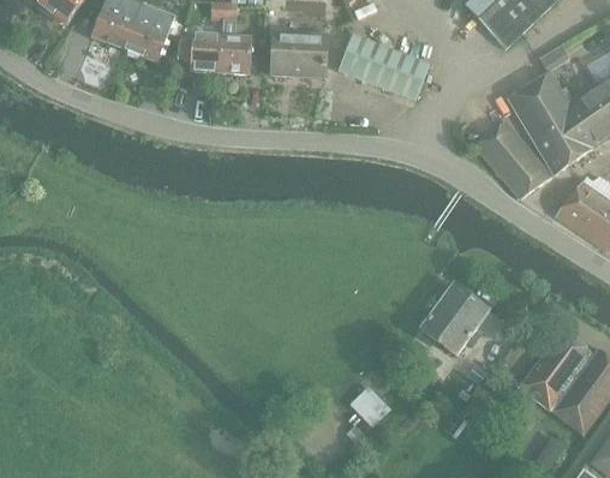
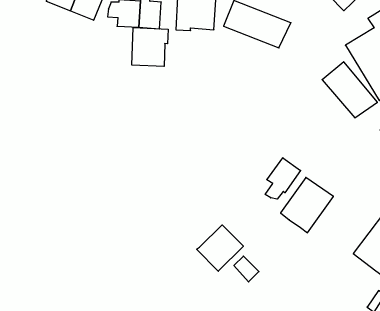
building: none -> [132,28,168,66]
building: none -> [265,158,301,199]
building: none -> [197,225,243,271]

